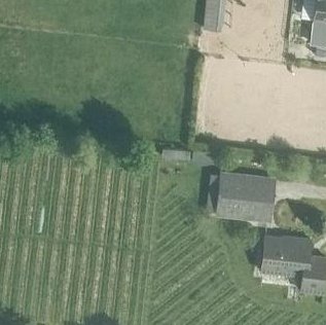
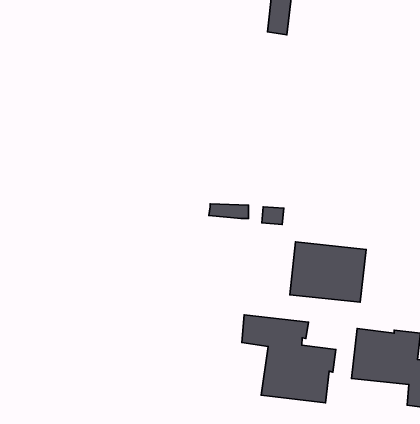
building: none -> [242,315,336,403]

